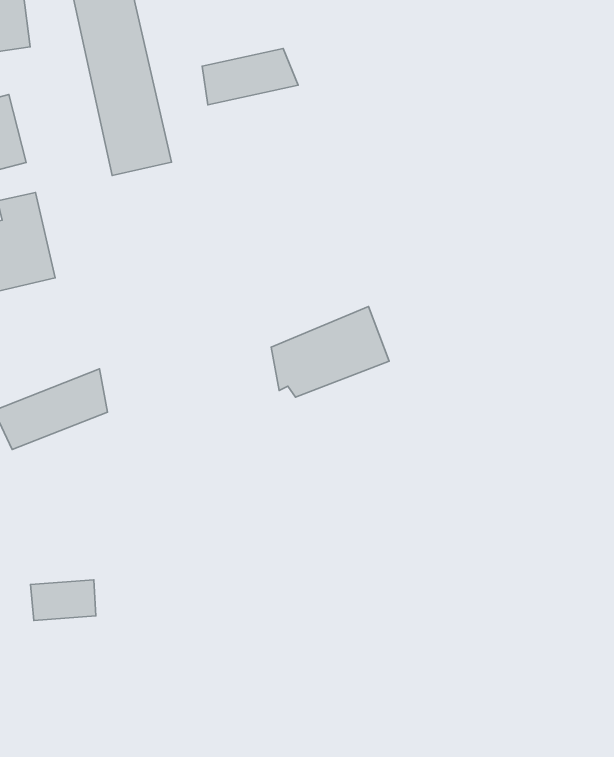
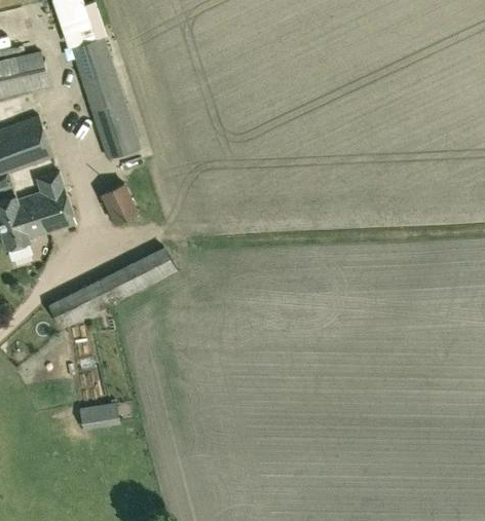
building: [202,49,298,105] -> none
building: none -> [101,186,138,225]
building: [271,307,389,397] -> [108,246,180,304]

